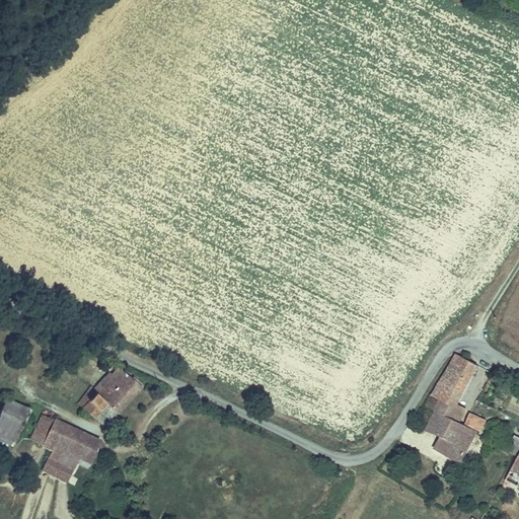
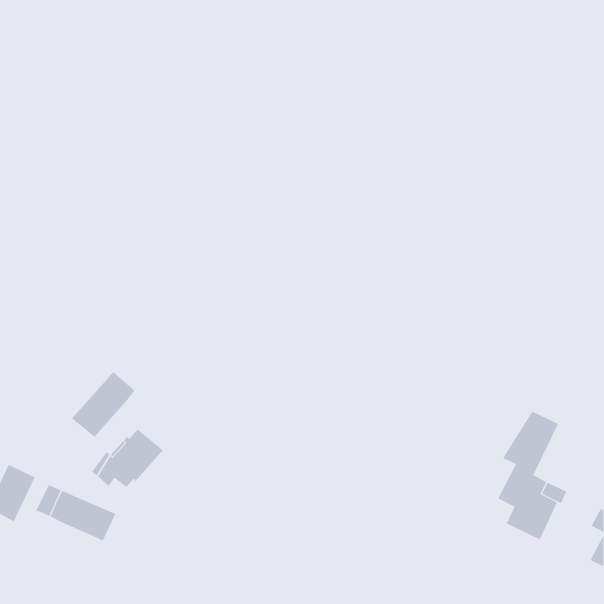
building: none -> [71,371,135,438]
building: [42,447,77,481] -> none

